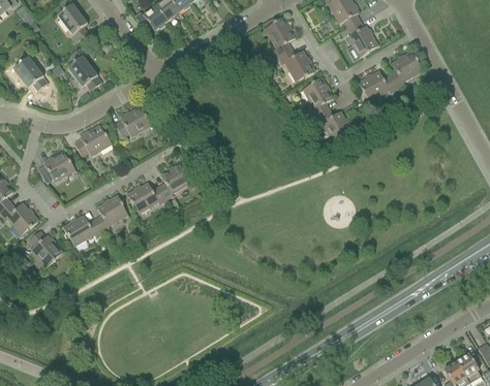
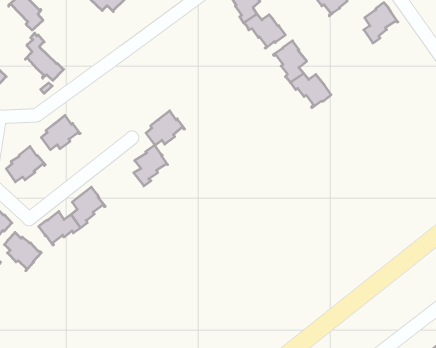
building: [358,71,397,101] -> none
building: [115,106,152,137] -> [146,111,185,145]
building: [126,183,166,213] -> none

